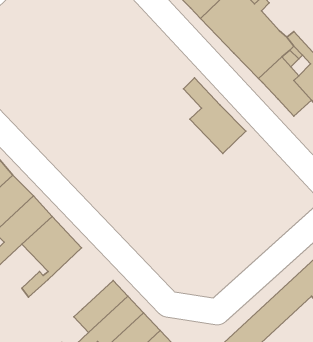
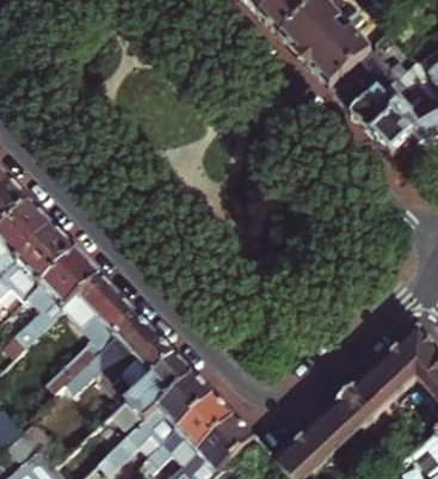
building: [184,78,246,154] -> none
building: none -> [95,318,174,392]

